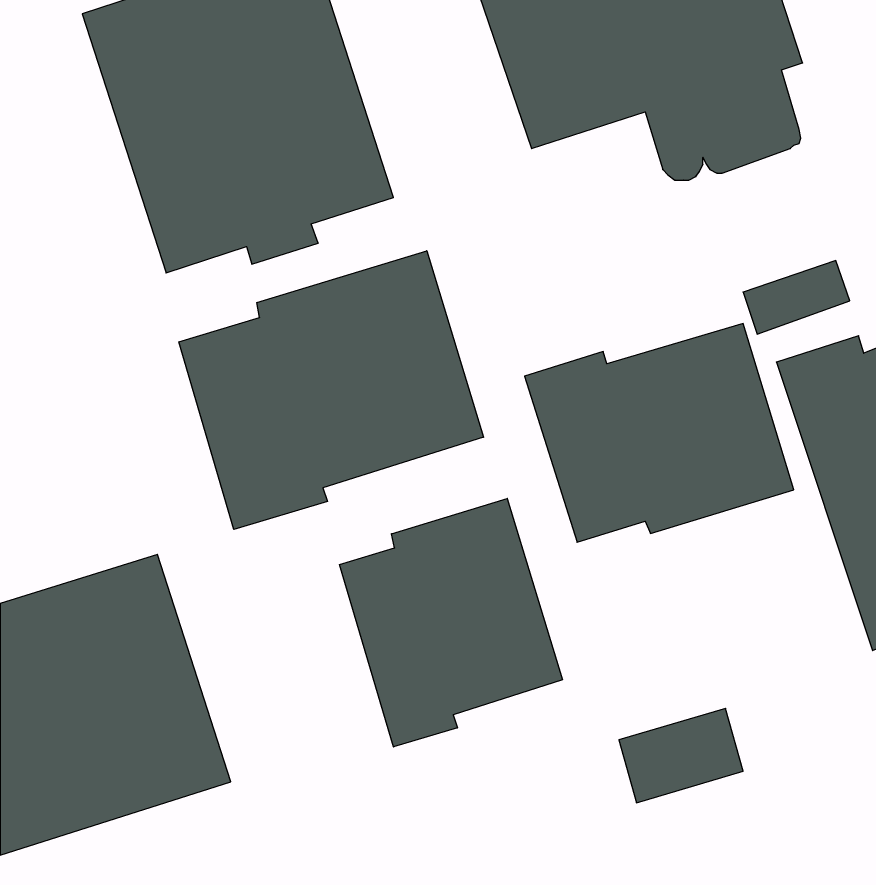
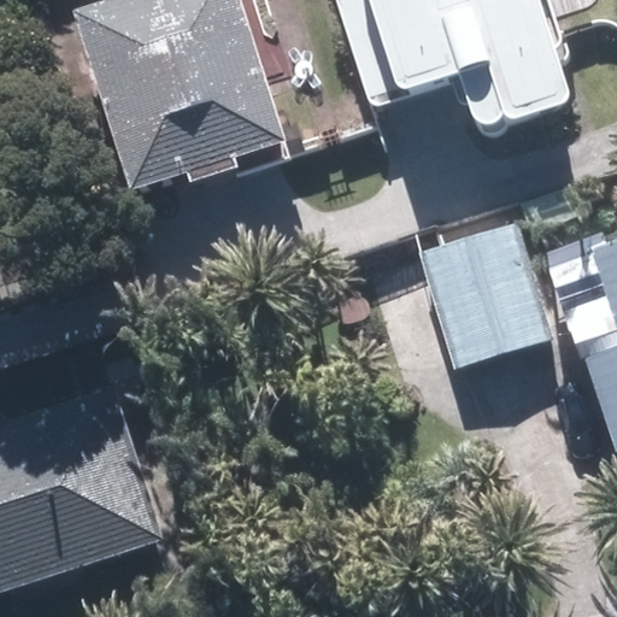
building: [179,251,484,529] -> none
building: [339,498,563,747] -> none

